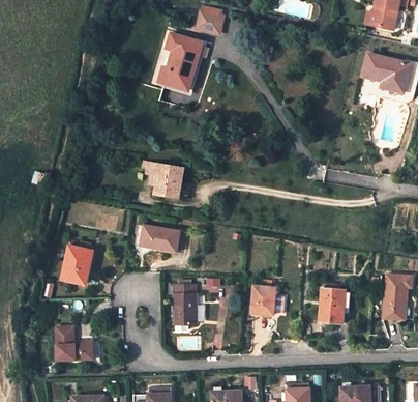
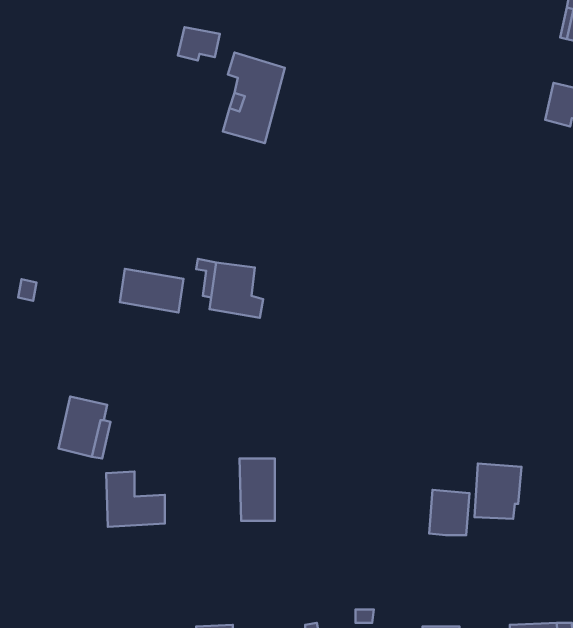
building: [197,11,222,32] -> [178,27,220,61]
building: [141,225,180,252] -> [120,269,184,312]
building: [250,286,275,314] -> [429,490,469,535]
building: [56,326,92,361] -> [106,471,165,527]

